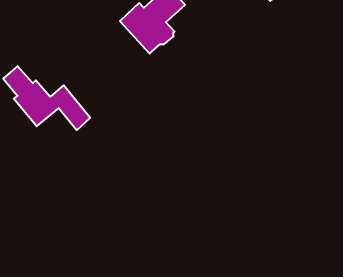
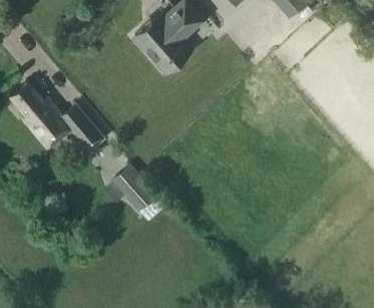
building: none -> [110,166,155,213]

